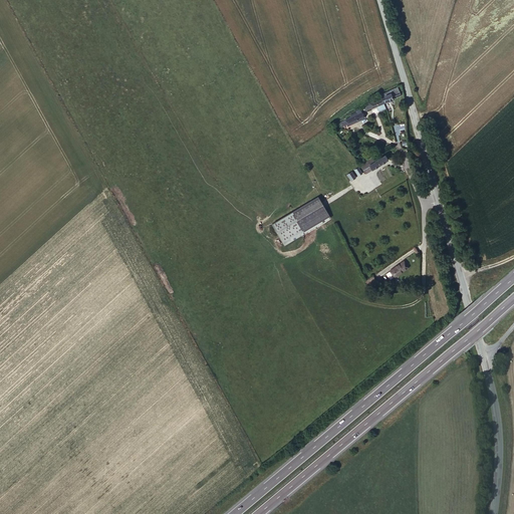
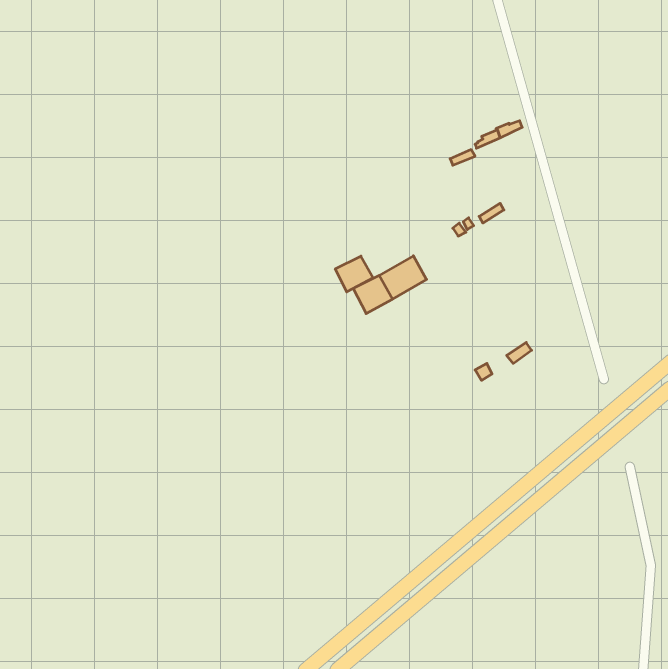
building: none -> [335,256,373,292]

